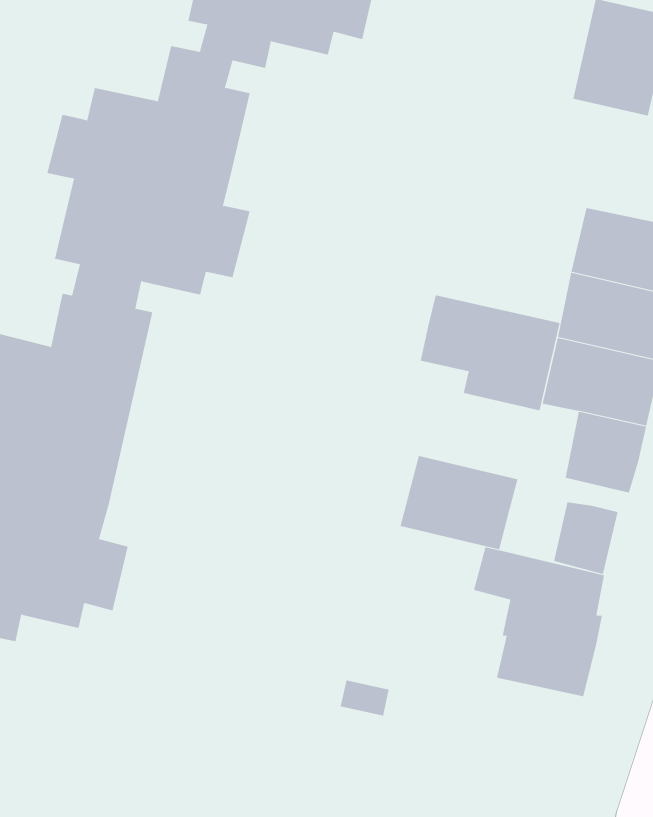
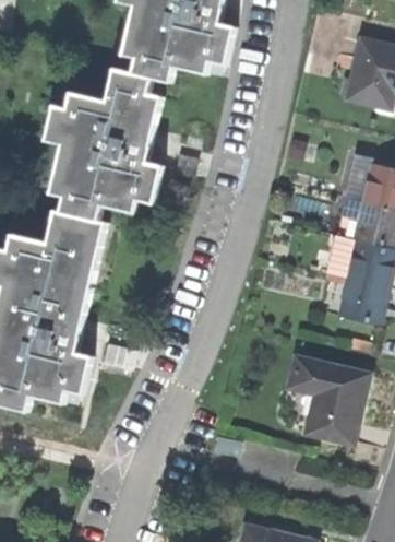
building: [420,294,560,411] -> none
building: [400,455,518,550] -> none
building: [553,501,618,575] -> none

